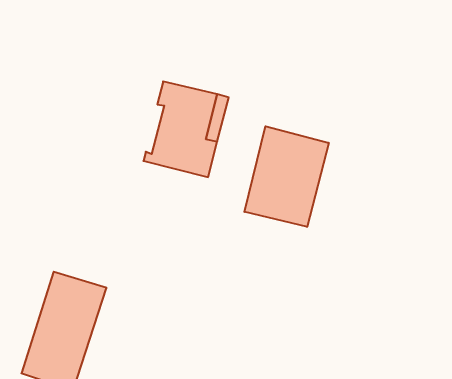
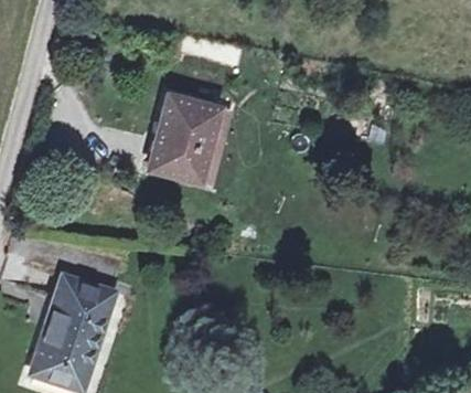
building: [244,126,329,227] -> none

